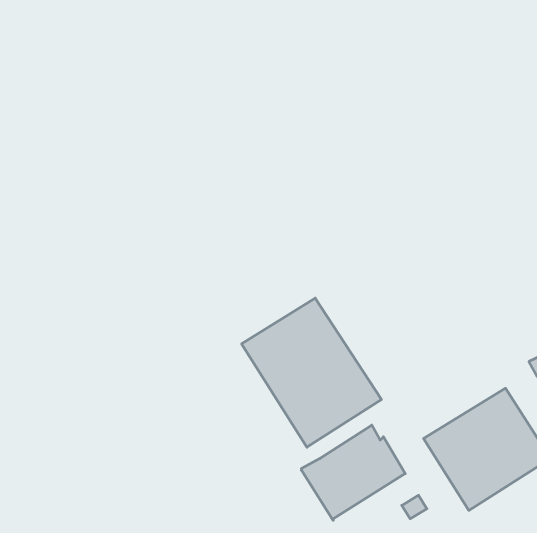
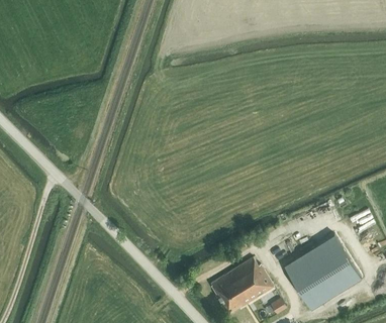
building: [242,298,381,447] -> none

